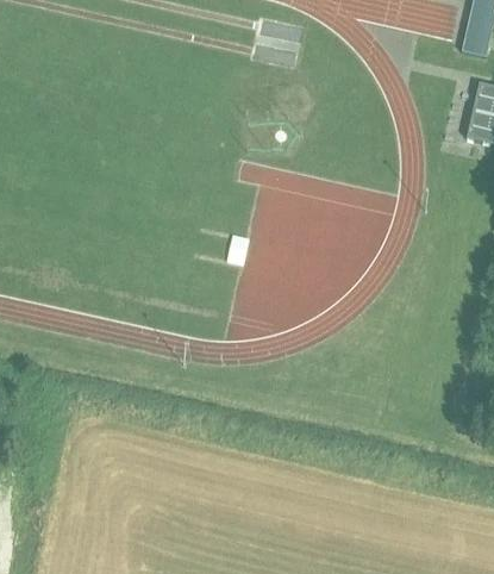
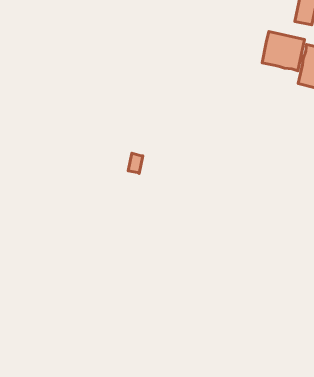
building: none -> [262,32,305,71]

